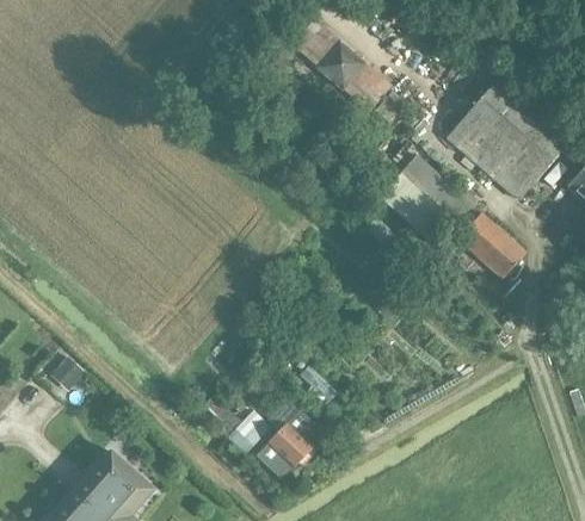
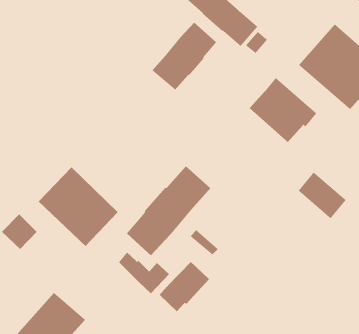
building: none -> [152,22,217,91]
building: [458,213,525,279] -> [298,172,346,219]
building: none -> [126,166,211,256]
building: none -> [38,167,118,247]

